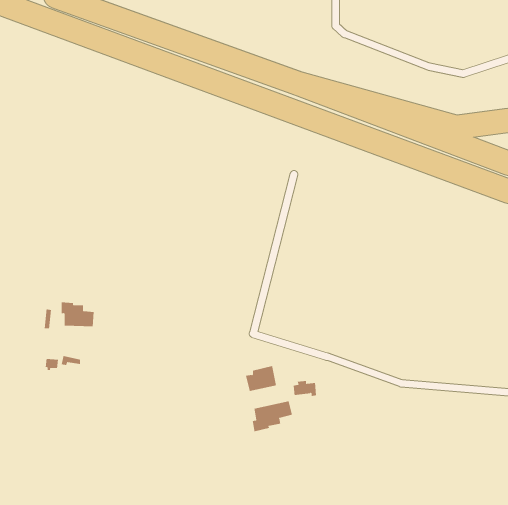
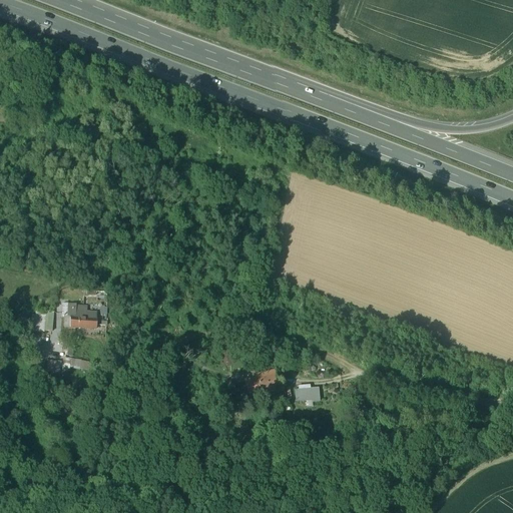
building: [252,401,293,432] -> none

